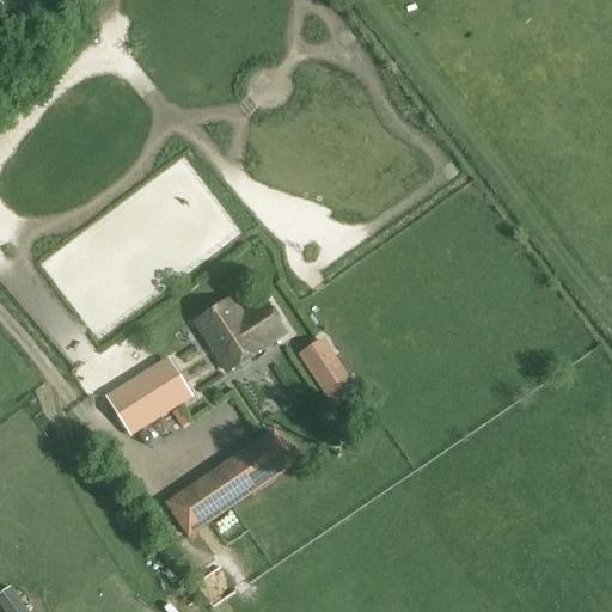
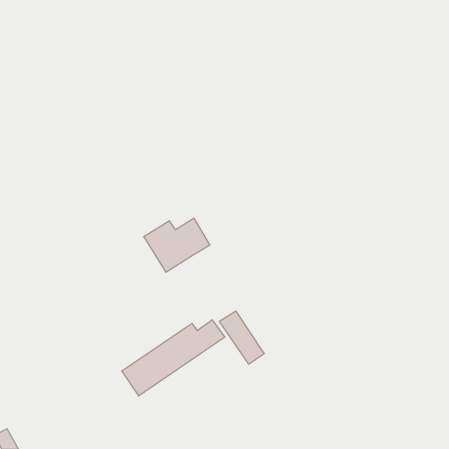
building: [293,332,354,404] -> [219,311,264,364]
building: [105,357,189,433] -> none

